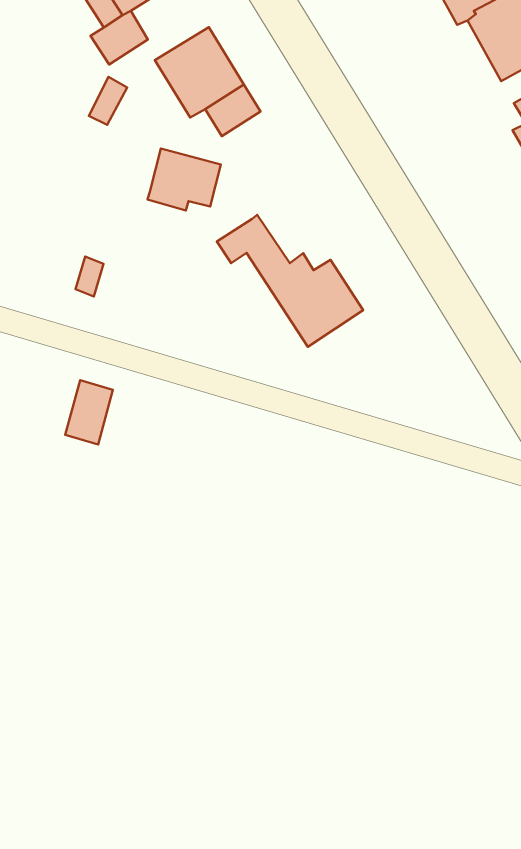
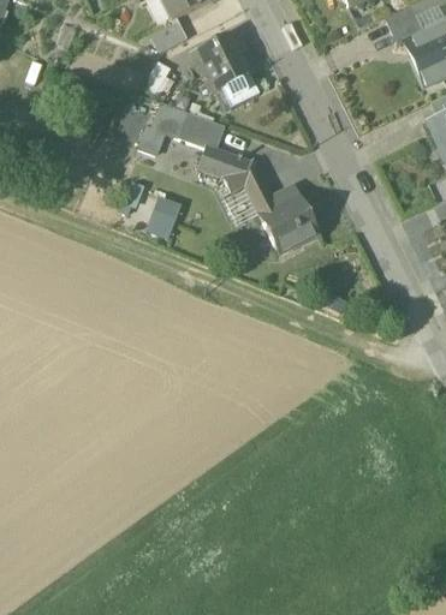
building: none -> [136,100,189,155]
building: none -> [197,148,246,177]
building: [65,380,113,444] -> [144,195,179,239]

